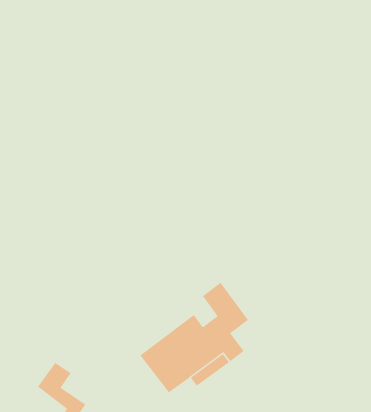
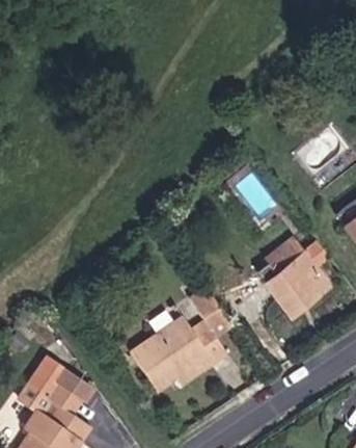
building: none -> [265,229,334,312]

